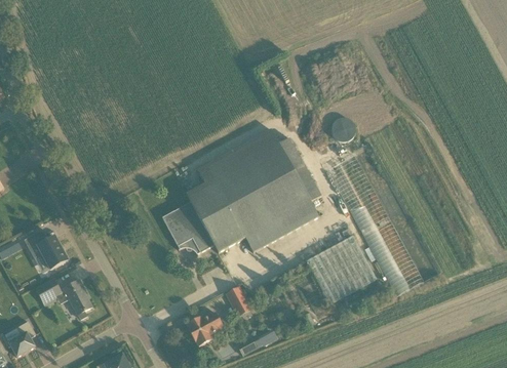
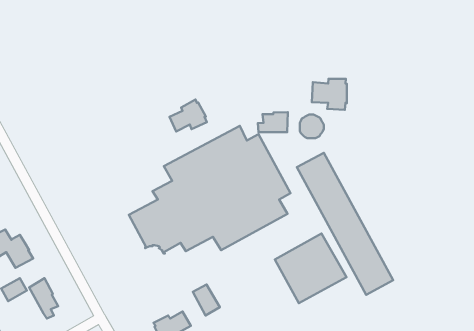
building: none -> [312,79,347,110]
building: none -> [169,100,207,131]
building: none -> [258,112,288,132]

